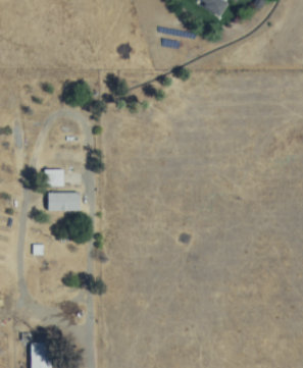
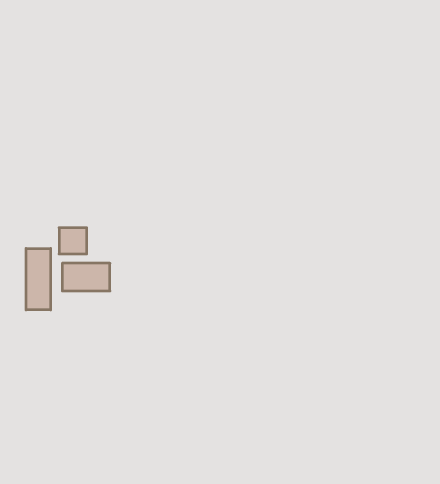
building: none -> [26,248,51,310]

